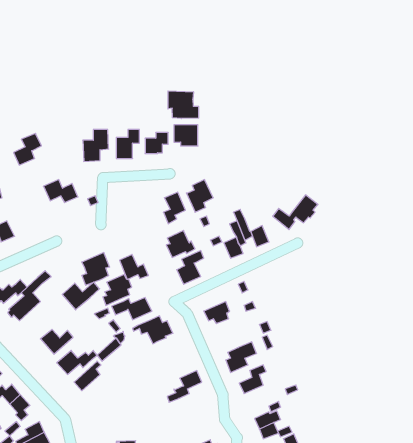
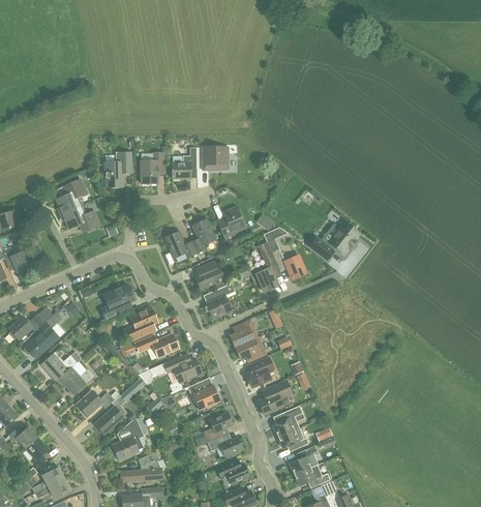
building: [168,91,199,119] -> none
building: [14,133,41,165] -> [55,179,85,213]
building: [120,254,148,279] -> [164,231,196,258]
building: [62,282,100,310] -> [40,351,81,381]
building: none -> [229,322,258,348]
building: none -> [245,357,273,387]
building: none -> [186,381,218,410]
building: none -> [111,415,145,460]
building: none -> [277,427,307,450]
building: none -> [207,436,242,457]
building: none -> [119,451,160,483]
building: none -> [216,458,248,484]

